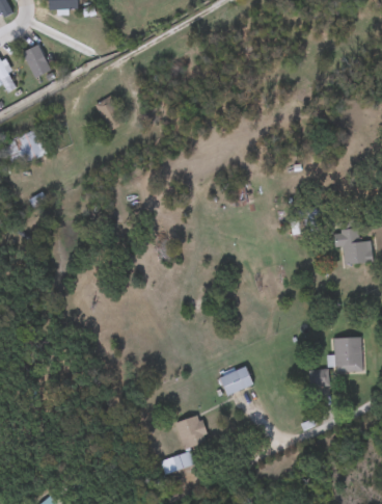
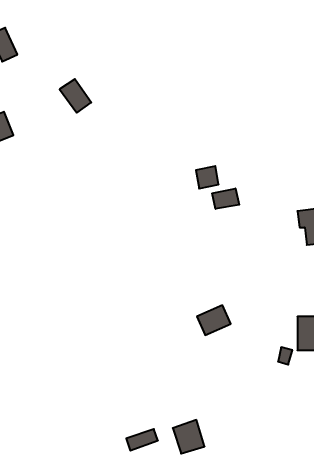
building: none -> [212,188,239,209]
building: [219,366,253,396] -> [197,305,231,335]
building: [175,415,208,449] -> [173,420,205,454]

